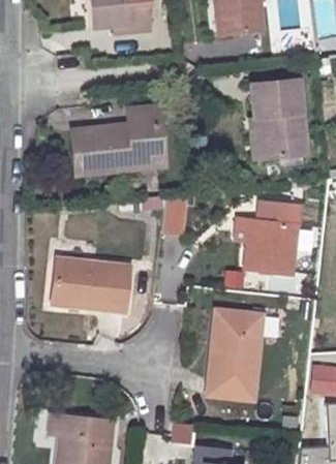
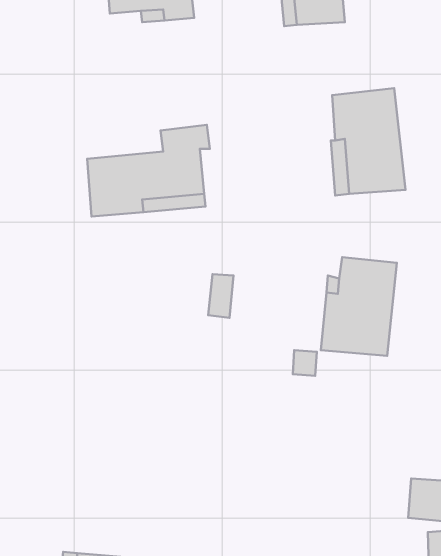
building: [51,259,128,312] -> none
building: [209,312,264,401] -> none

